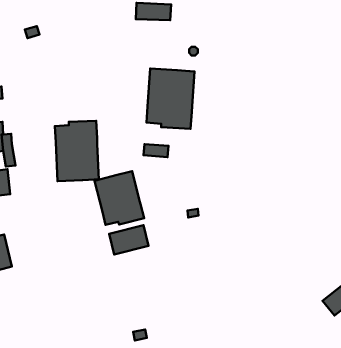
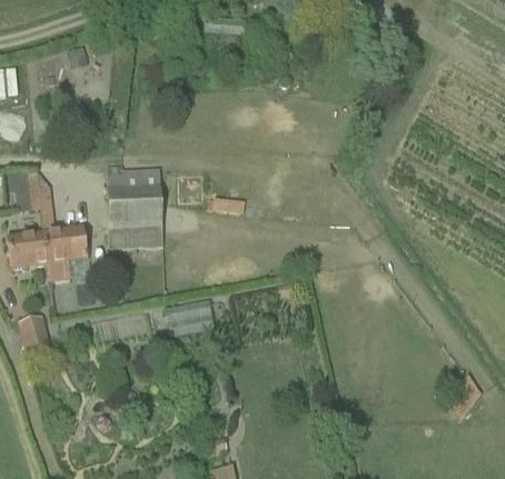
building: [146,68,195,129] -> none
building: none -> [44,226,87,279]
building: [95,171,144,225] -> none

